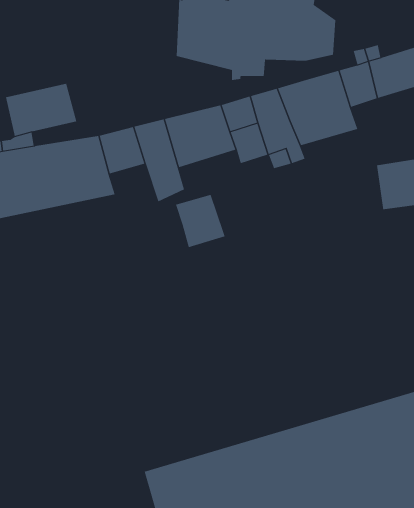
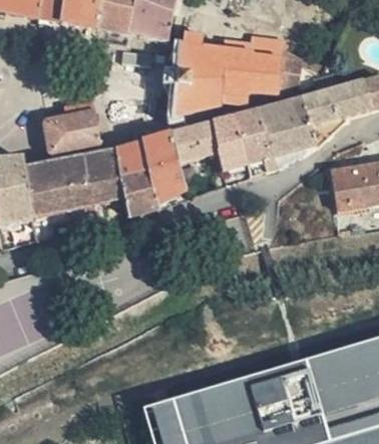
building: none -> [171,85,217,116]
building: [175,194,225,248] -> [121,170,160,212]

